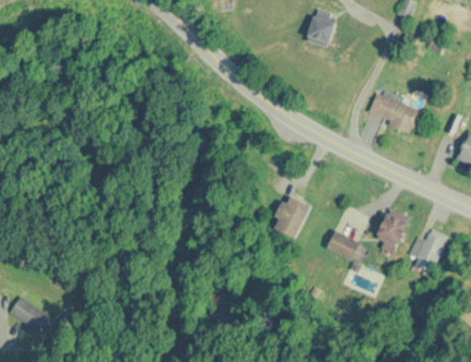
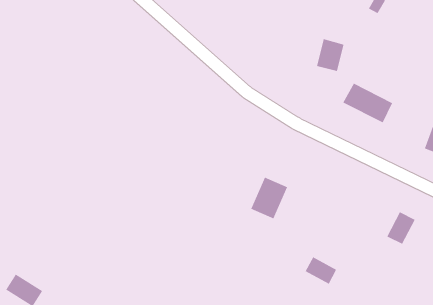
building: [306,12,337,48] -> [316,38,345,72]
building: [373,210,408,248] -> none
building: [326,229,361,260] -> [305,256,337,285]

